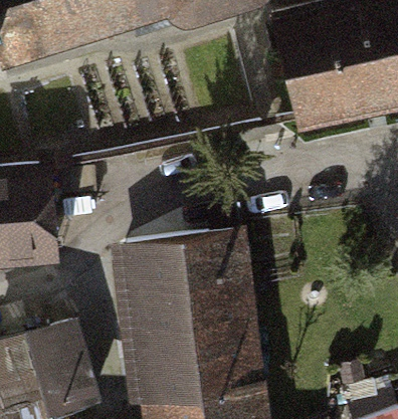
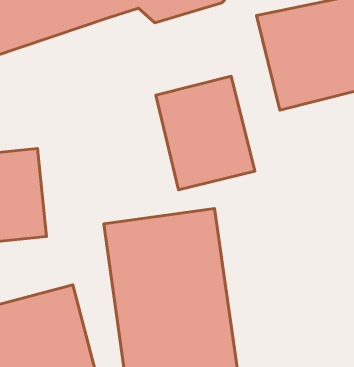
building: none -> [156,76,255,190]

